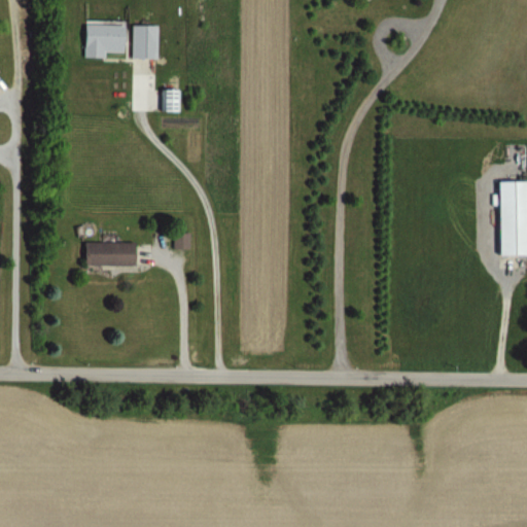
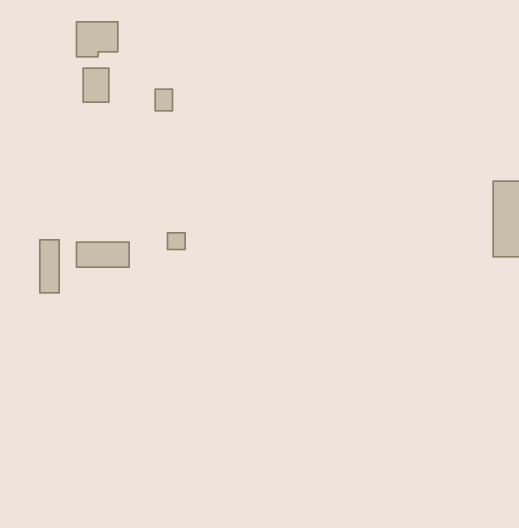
building: [134,26,160,60] -> [83,68,109,102]
building: none -> [40,240,59,293]

